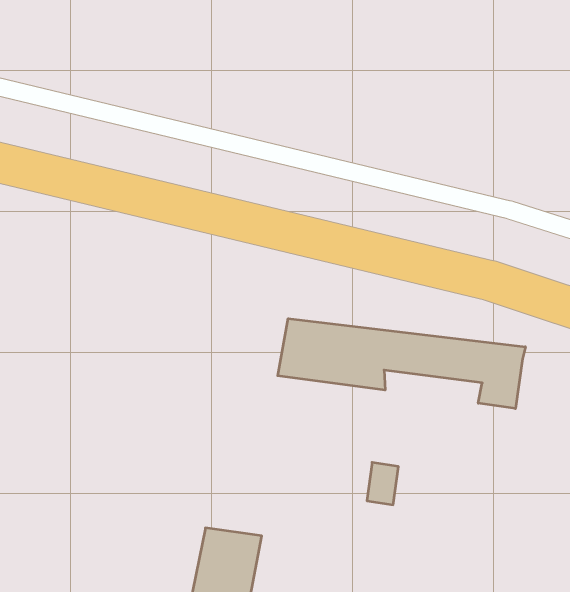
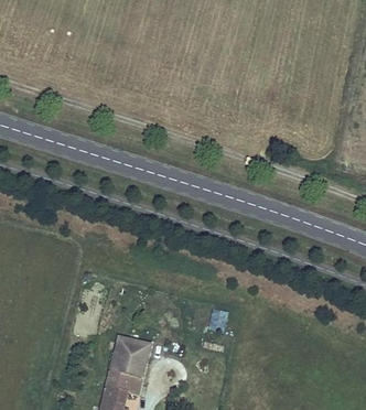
building: [278,319,525,409] -> none

